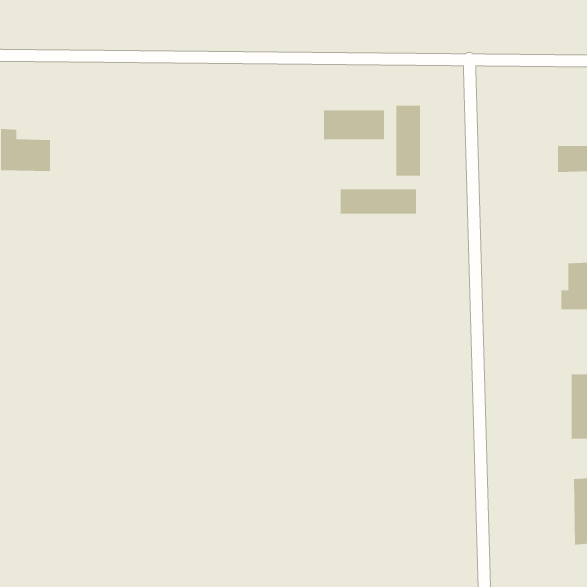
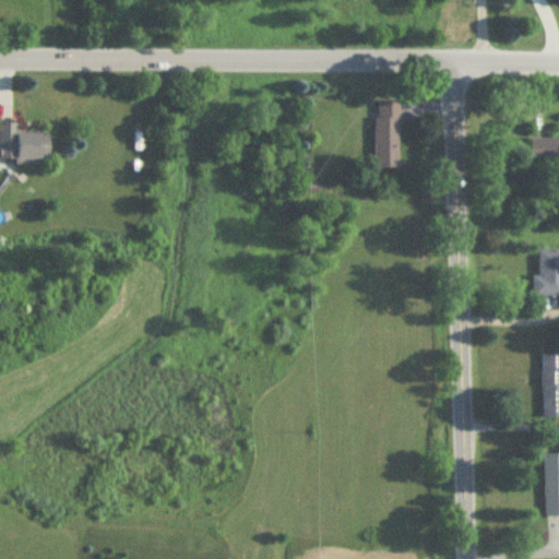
building: [323,110,385,140] -> none
building: [340,189,417,214] -> none

